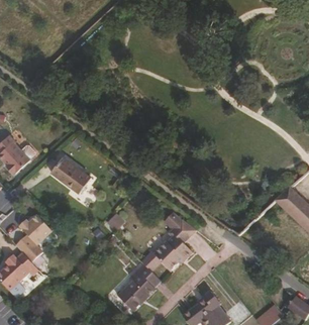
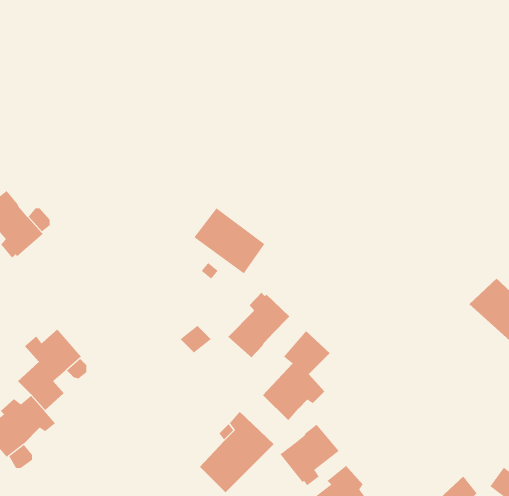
building: [47,156,89,195] -> [193,208,265,274]
building: none -> [228,292,290,358]
building: none -> [279,424,340,486]

